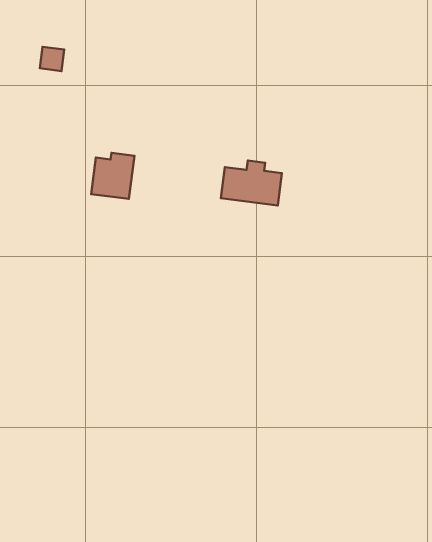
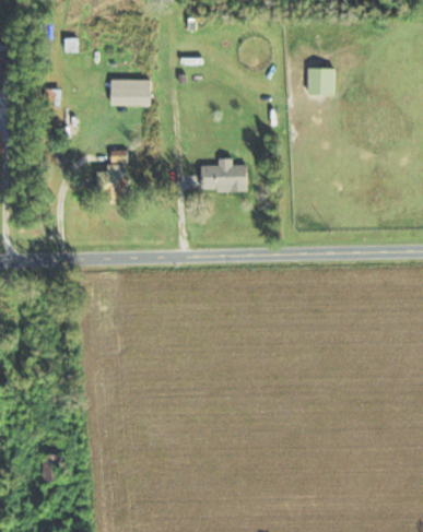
building: none -> [110,80,151,105]
building: none -> [307,68,334,94]

